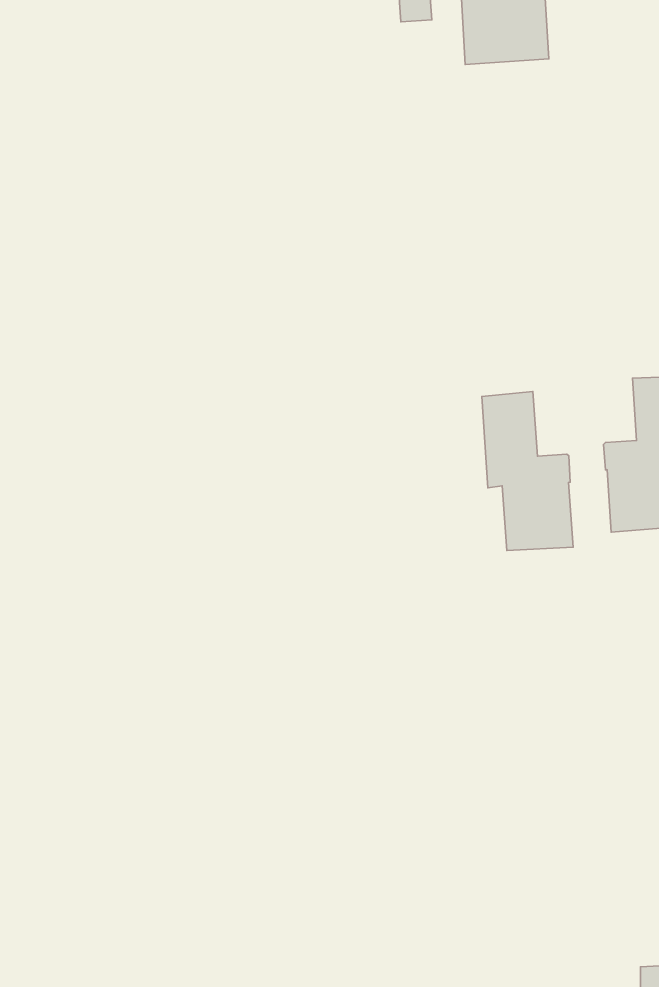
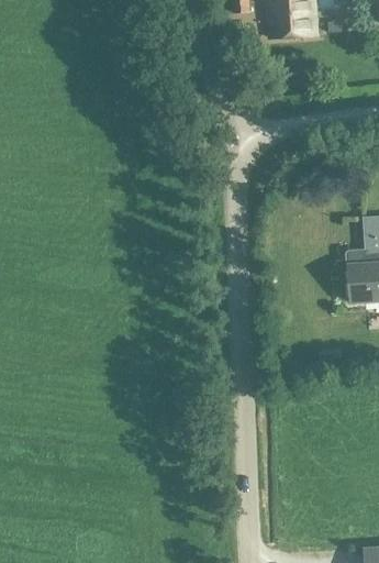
building: [482,391,573,550] -> none

